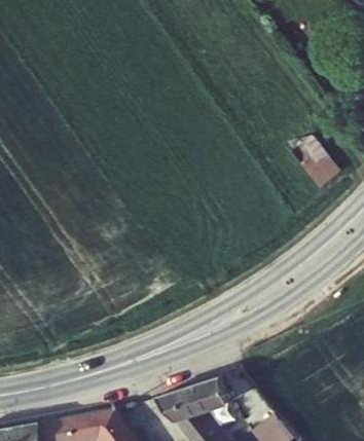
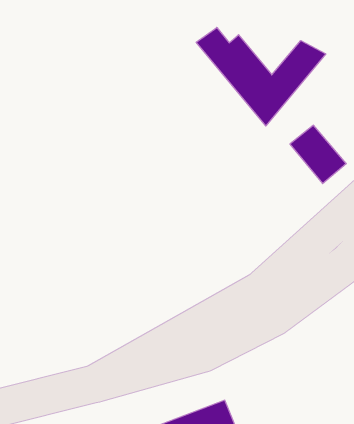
building: none -> [196,27,326,126]

